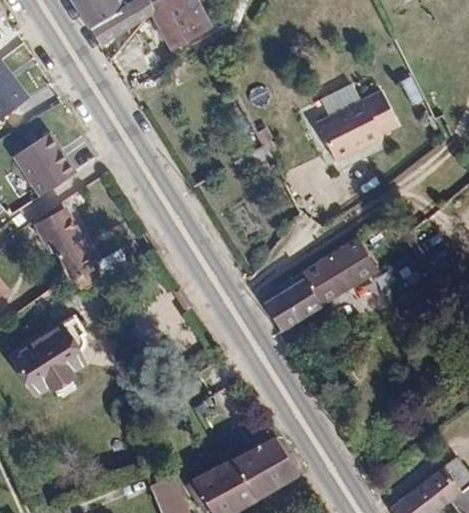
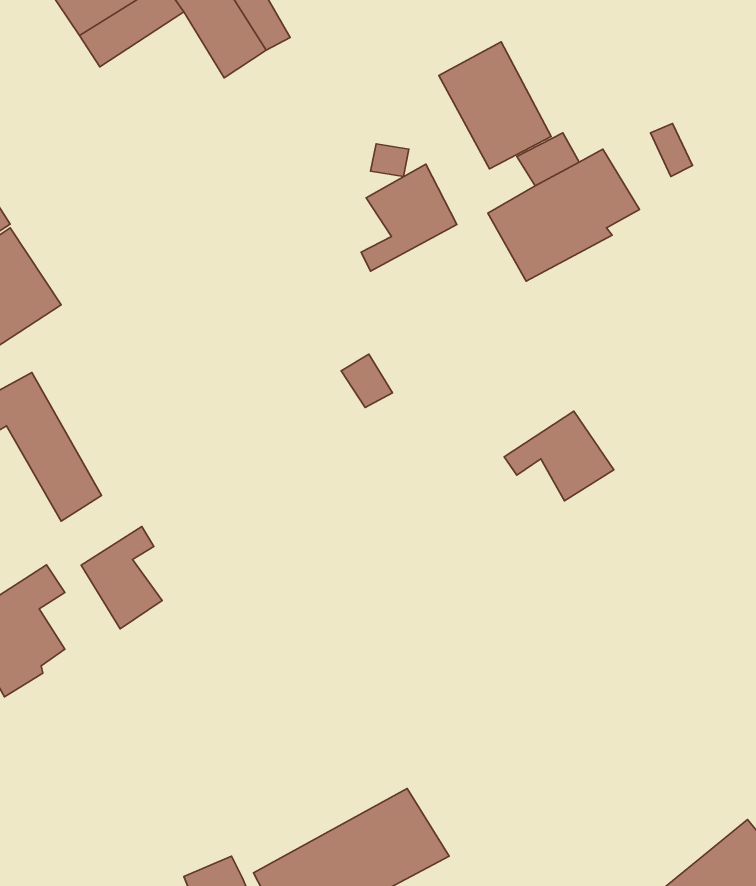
building: none -> [439,42,551,169]
building: none -> [361,164,457,271]
building: [261,258,356,332] -> none
building: none -> [81,526,162,629]

